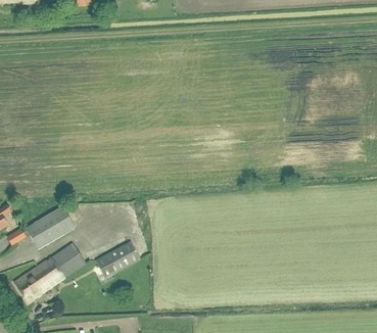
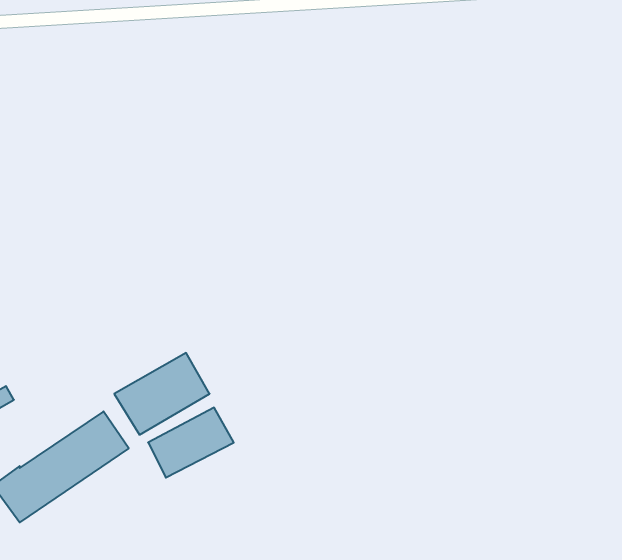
building: [25,206,75,249] -> [114,353,210,435]

